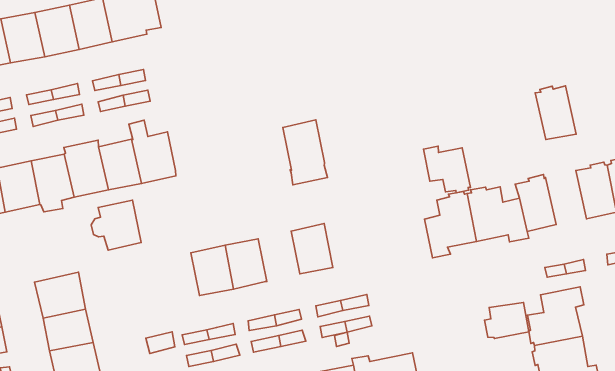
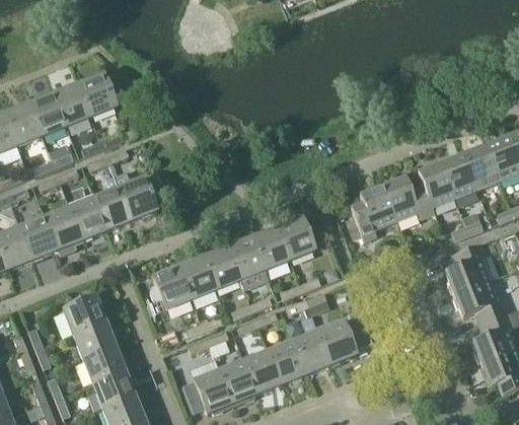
building: [535,86,576,140] -> [440,154,476,198]
building: [283,120,327,185] -> [228,237,269,290]
building: [424,146,471,193] -> none
building: [91,200,141,250] -> [150,267,191,308]
building: none -> [277,218,314,260]
building: [484,302,529,338] -> none

